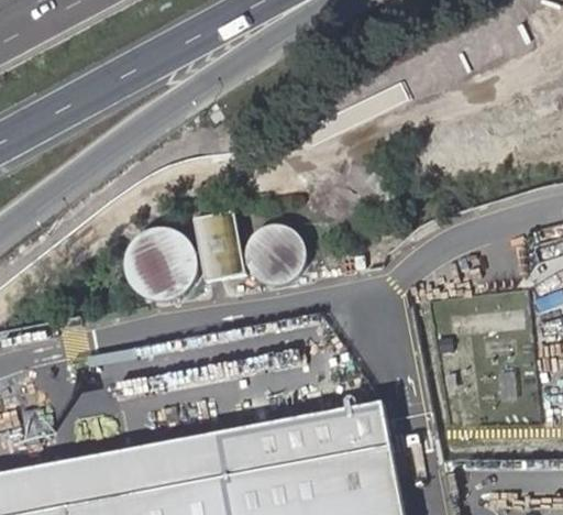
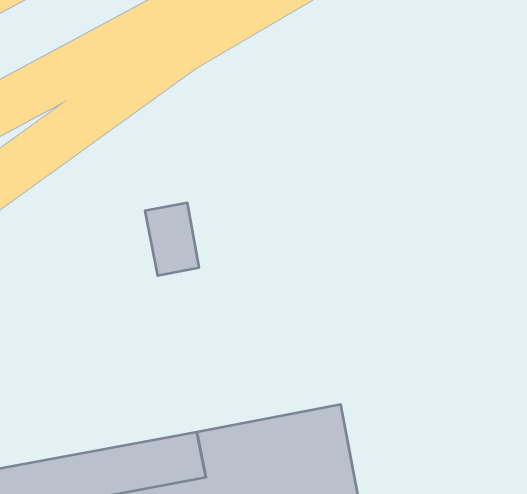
building: [244,223,307,286] -> none
building: [122,227,197,302] -> none

